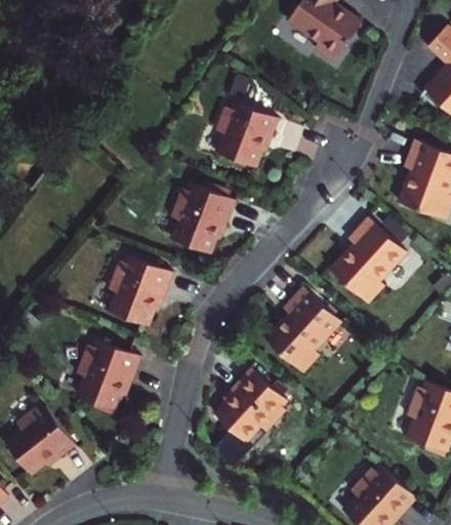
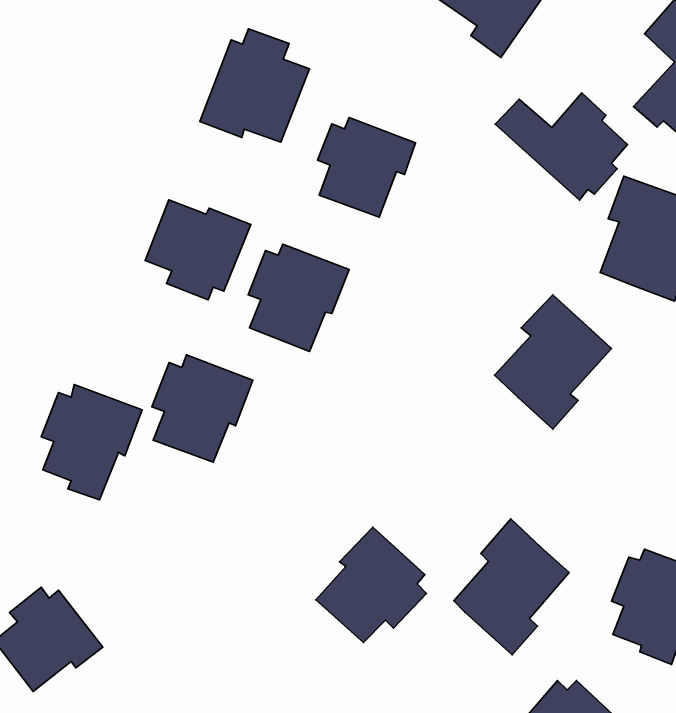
building: none -> [200,29,309,142]
building: none -> [495,93,628,200]
building: none -> [145,200,251,300]
building: [265,285,340,373] -> [454,519,569,655]
building: [76,339,141,414] -> [41,385,142,500]

